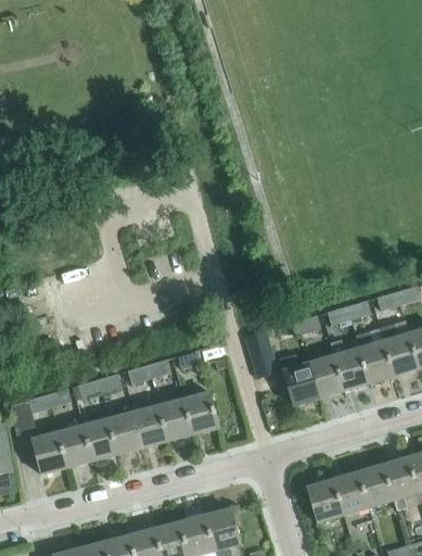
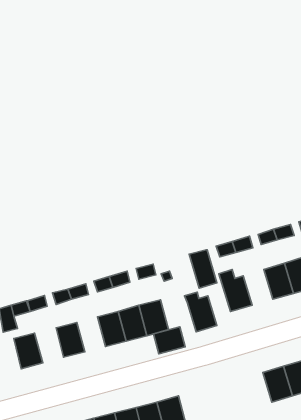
building: [306,350,345,397] -> [185,292,217,332]
building: [108,412,143,454] -> none
building: none -> [154,327,185,354]
building: [57,425,92,467] -> none
building: [307,479,344,522] -> none

